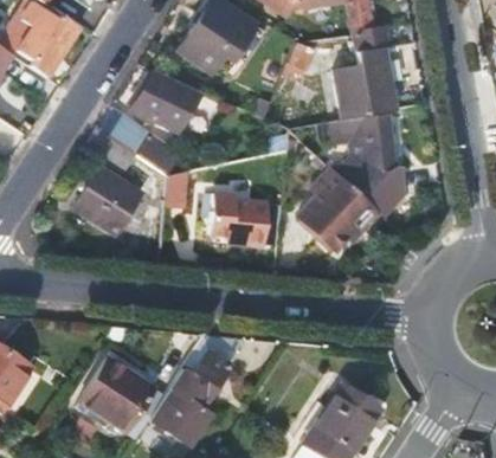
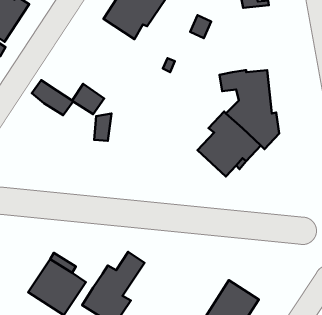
building: [335,31,399,117] -> none
building: [128,72,195,137] -> none
building: [69,163,140,234] -> none
building: [204,194,265,245] -> none

